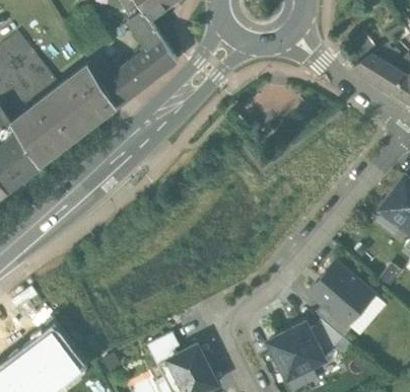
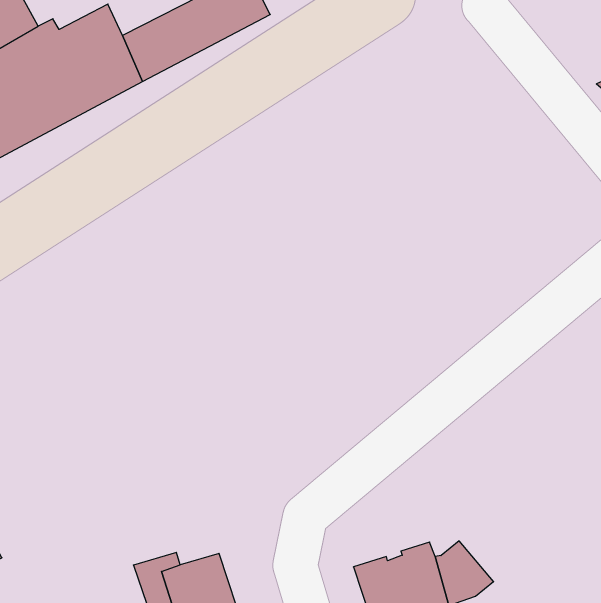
building: [309,262,373,326] -> none

